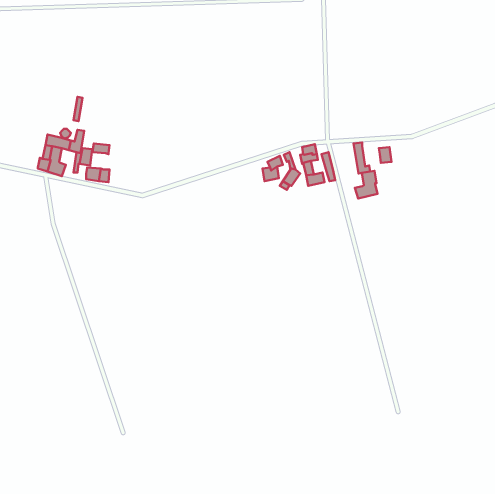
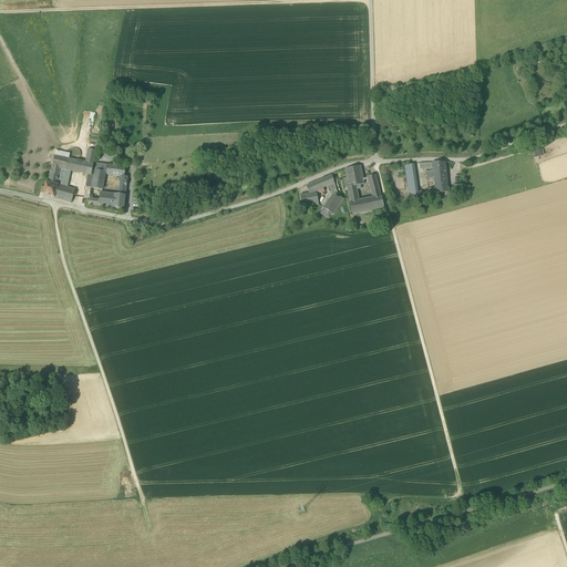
building: [355,171,377,198] -> none

